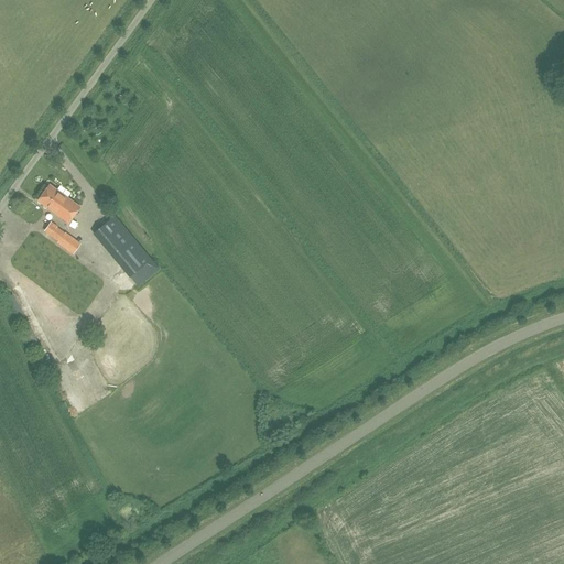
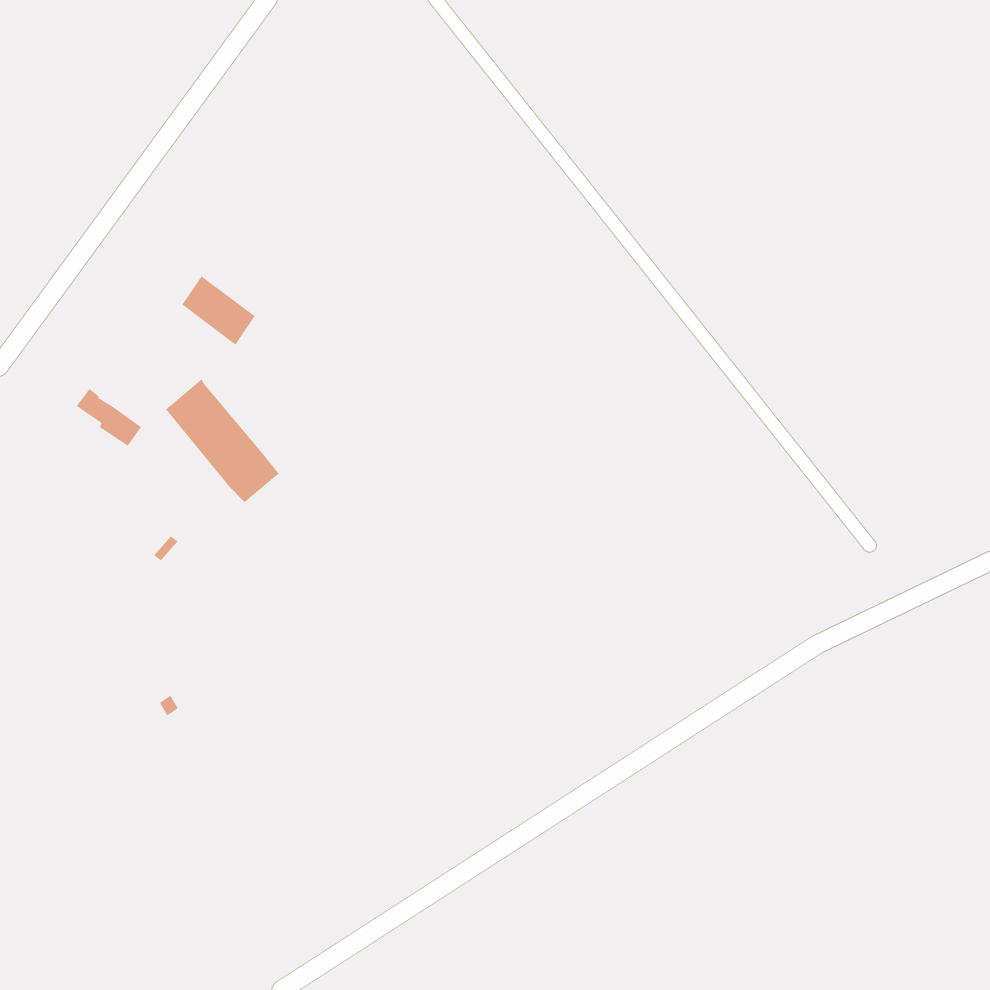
building: [37,183,79,223] -> [182,276,255,345]

